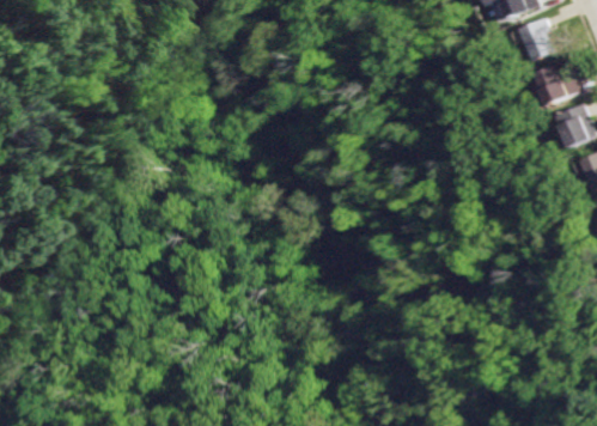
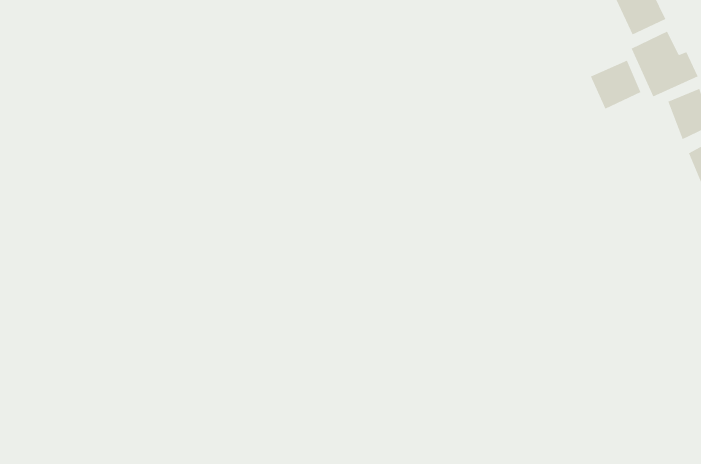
building: none -> [590,60,641,110]

